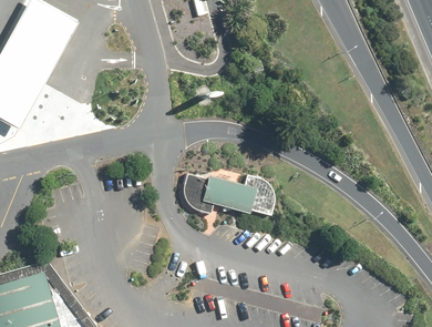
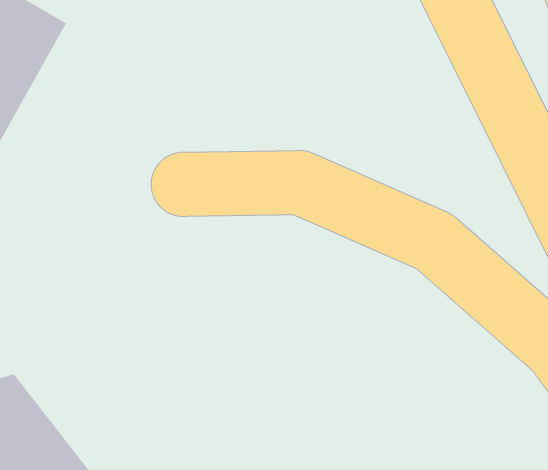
building: [181,173,271,216] -> none

